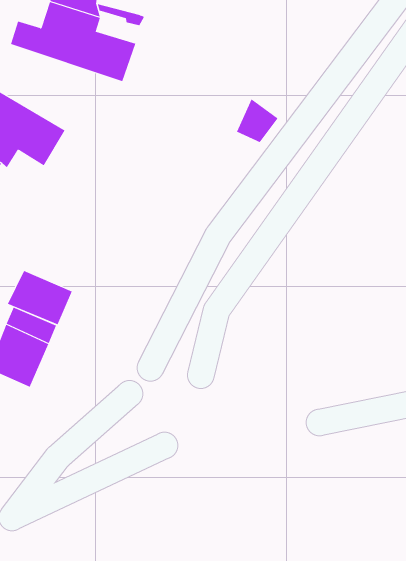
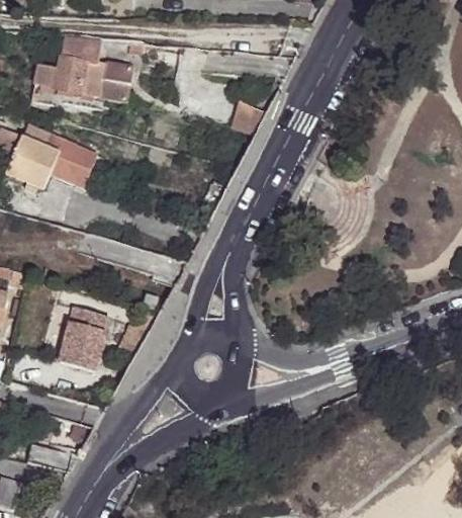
building: [7,270,73,325] -> none

